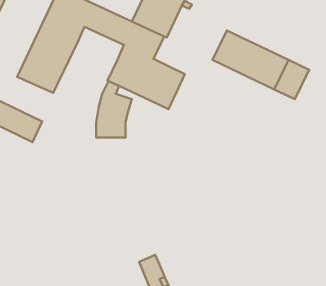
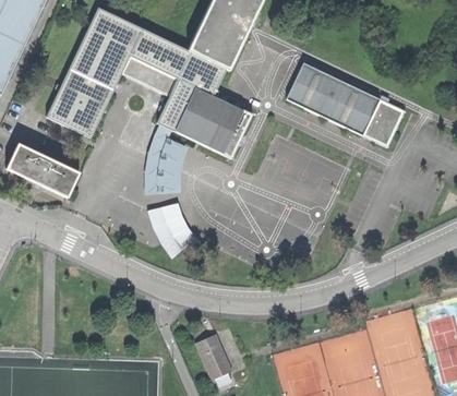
building: none -> [121,56,177,96]
building: none -> [146,201,194,256]

